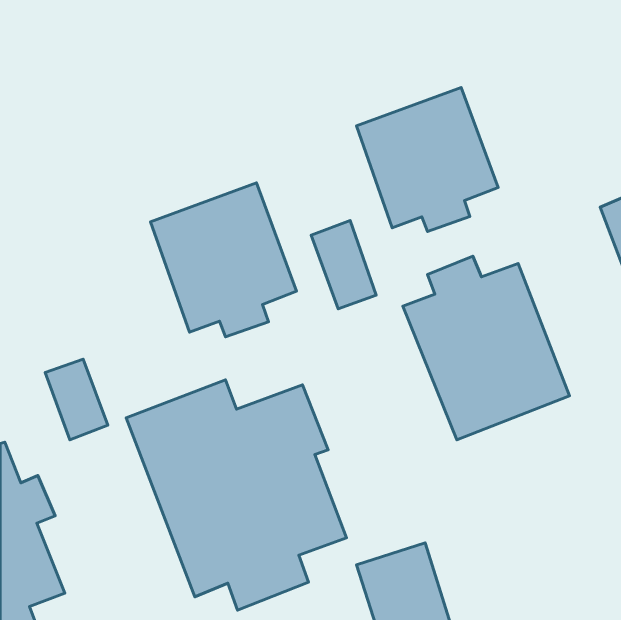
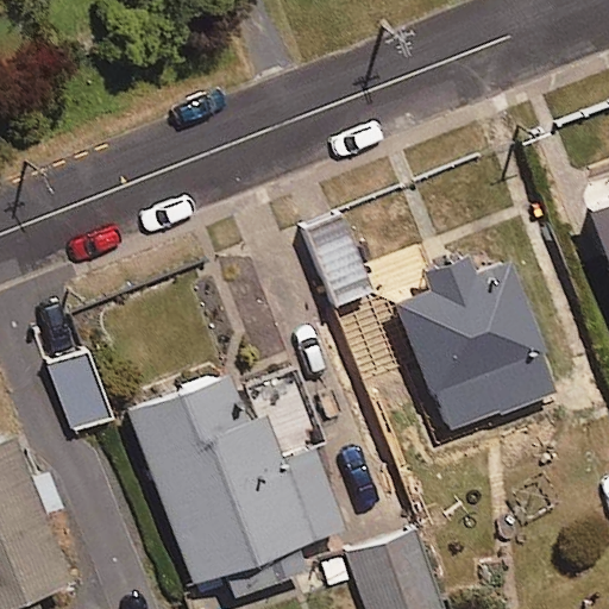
building: [356,88,498,232] -> none
building: [151,183,296,337] -> none

